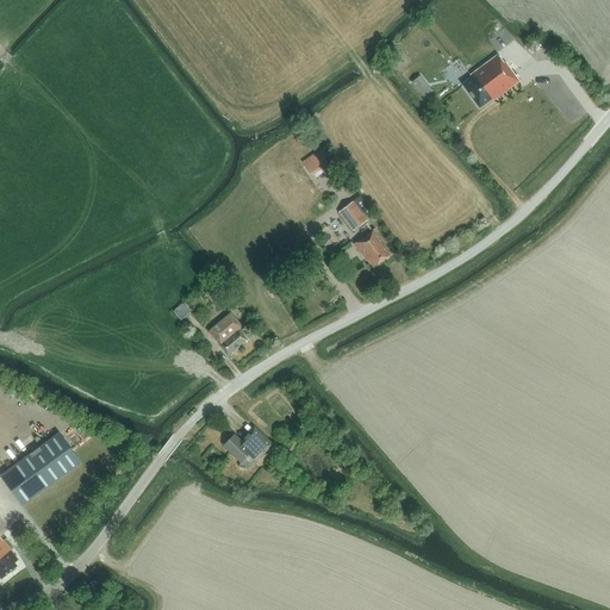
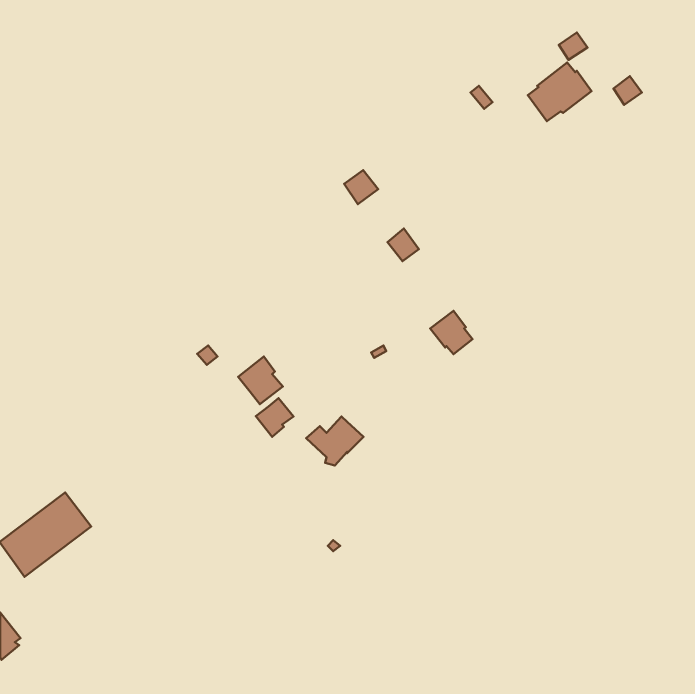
building: [354,228,391,266] -> [430,311,472,354]
building: none -> [256,398,293,437]
building: [223,425,273,468] -> [306,416,363,465]

